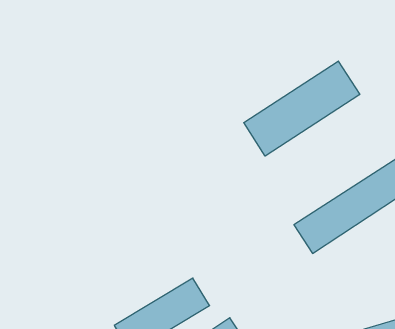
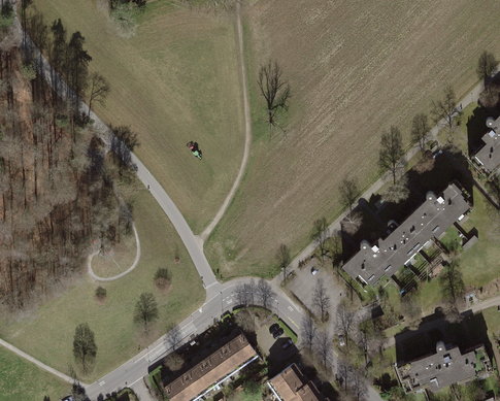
building: [244,61,360,156] -> none

